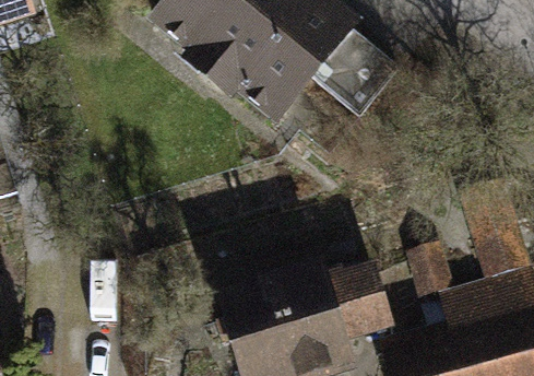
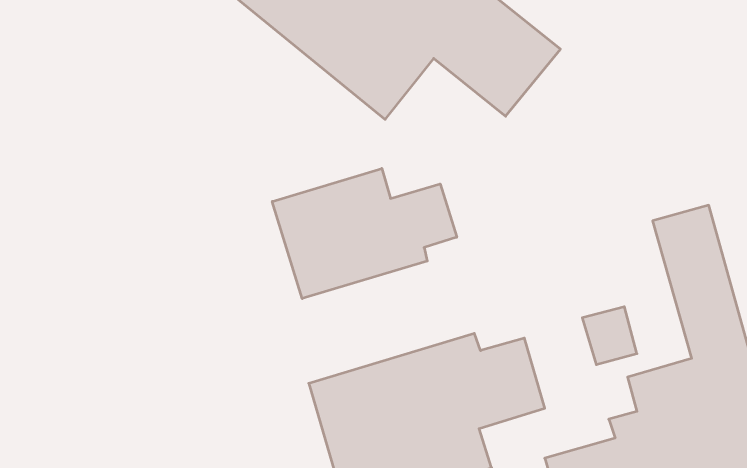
building: none -> [272,168,457,299]

